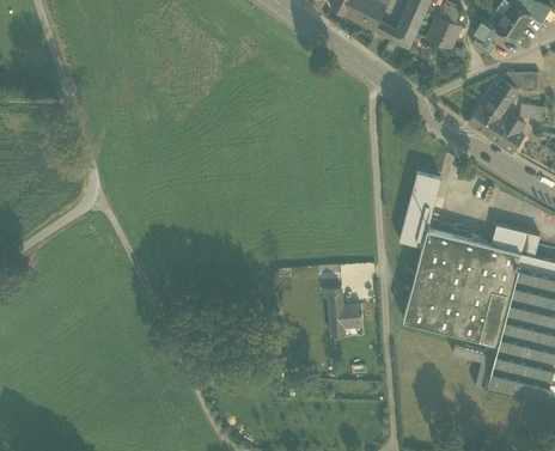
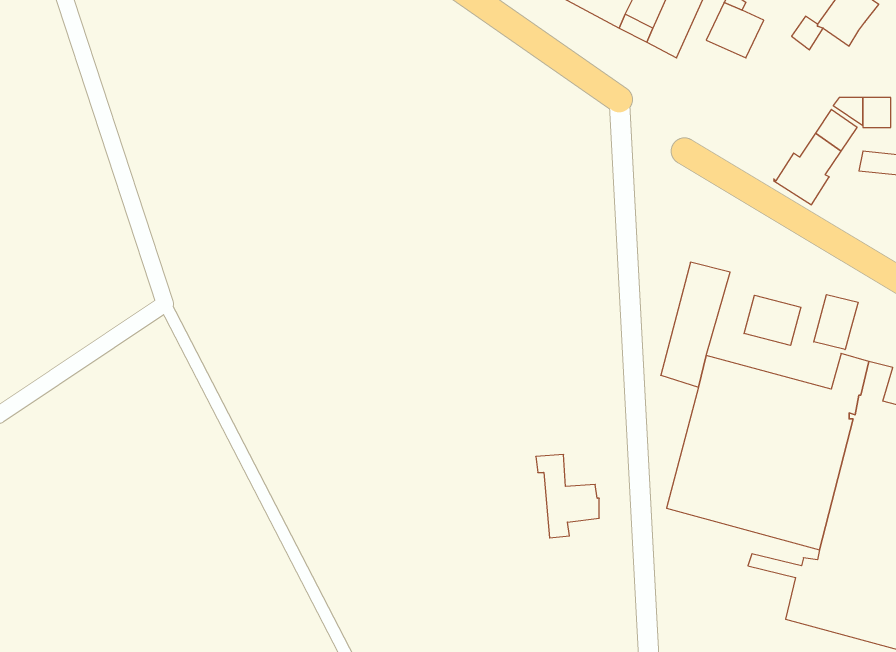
building: [490,112,524,152] -> none
building: none -> [814,295,858,350]
building: none -> [744,295,801,345]

